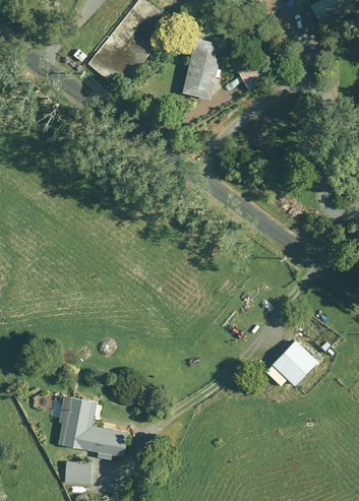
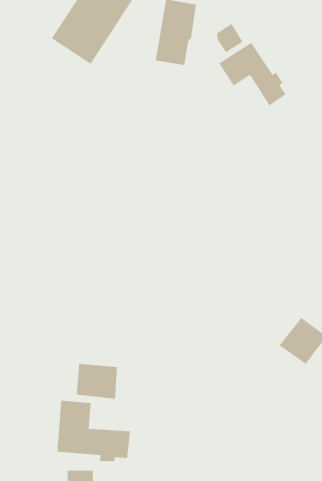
building: none -> [218,42,287,106]
building: none -> [76,363,118,399]

